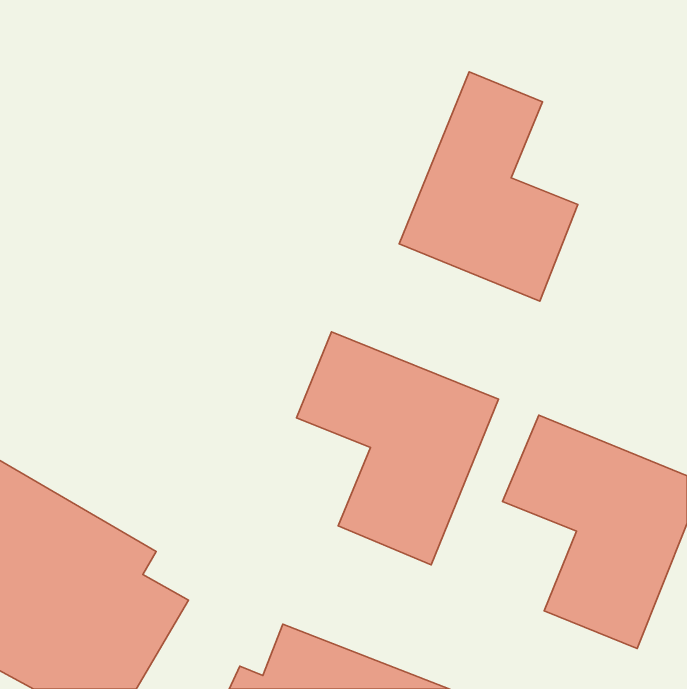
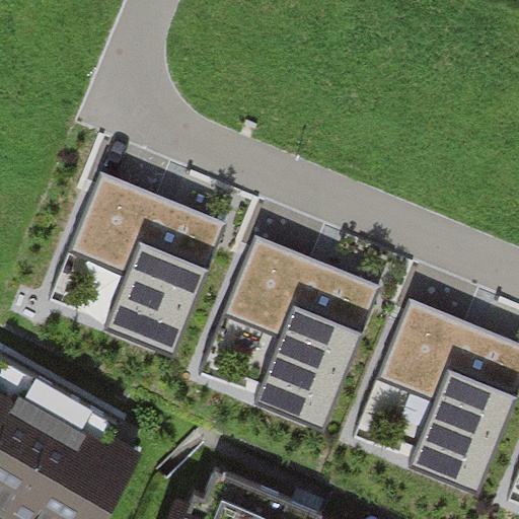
building: [399,72,578,301] -> none
building: none -> [69,183,222,351]

